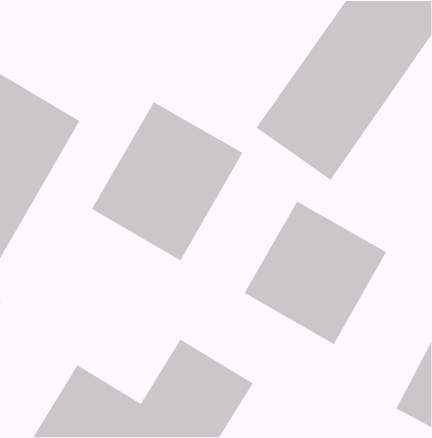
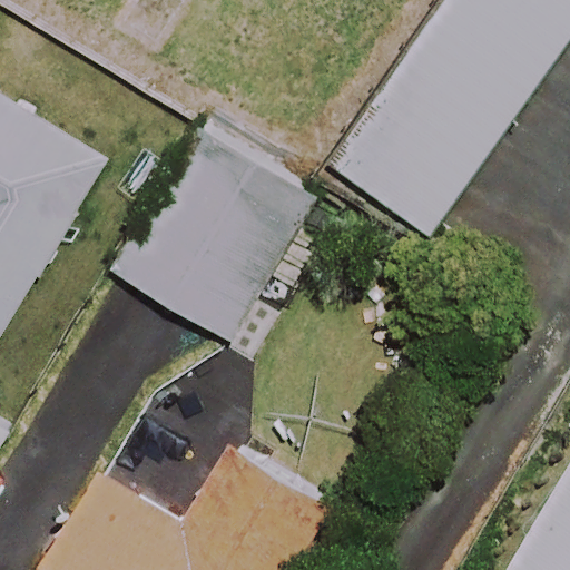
building: [243,200,387,345] -> none

